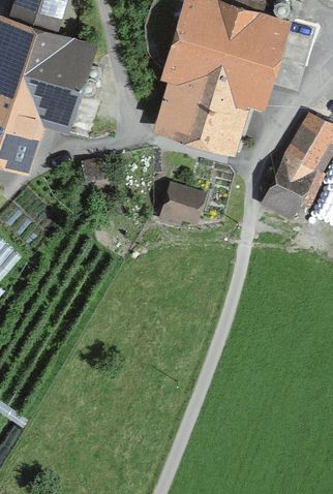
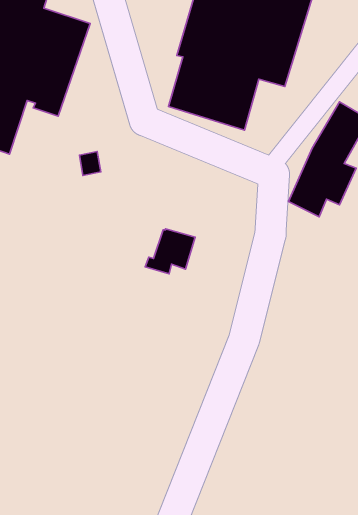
building: [159,185,203,224] -> [145,229,195,274]

